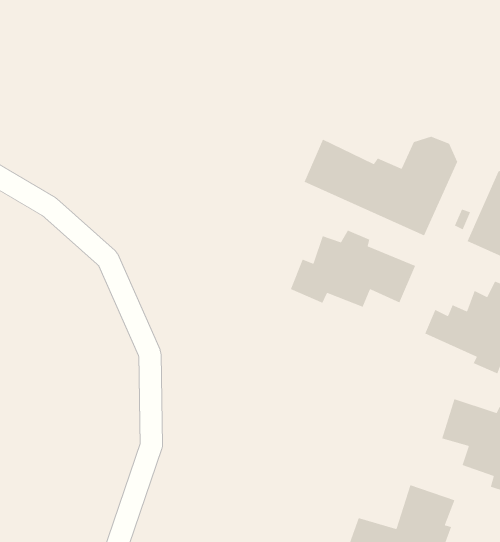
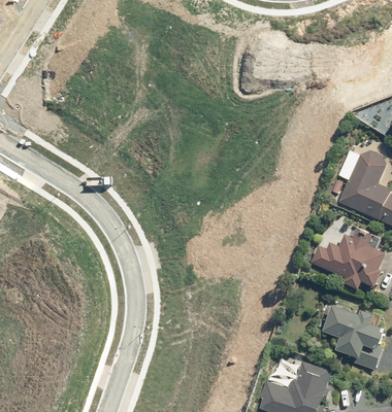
building: [303,136,458,236] -> none
building: [290,229,416,308] -> none

